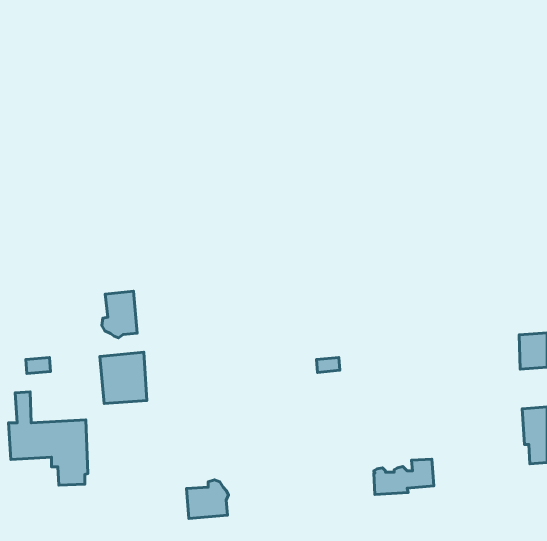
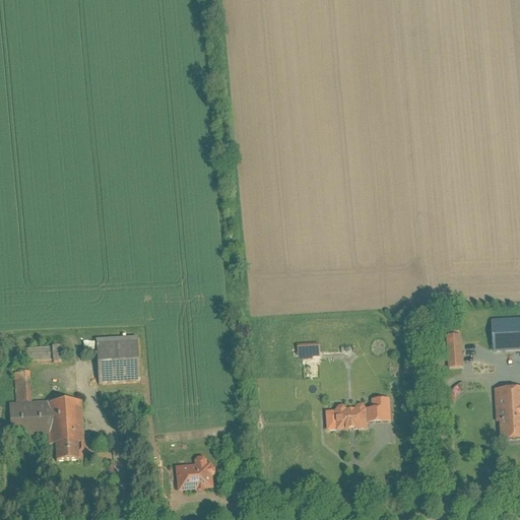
building: [102,291,137,338] -> none
building: none -> [446,332,463,366]
building: [374,459,434,495] -> [335,394,392,428]

